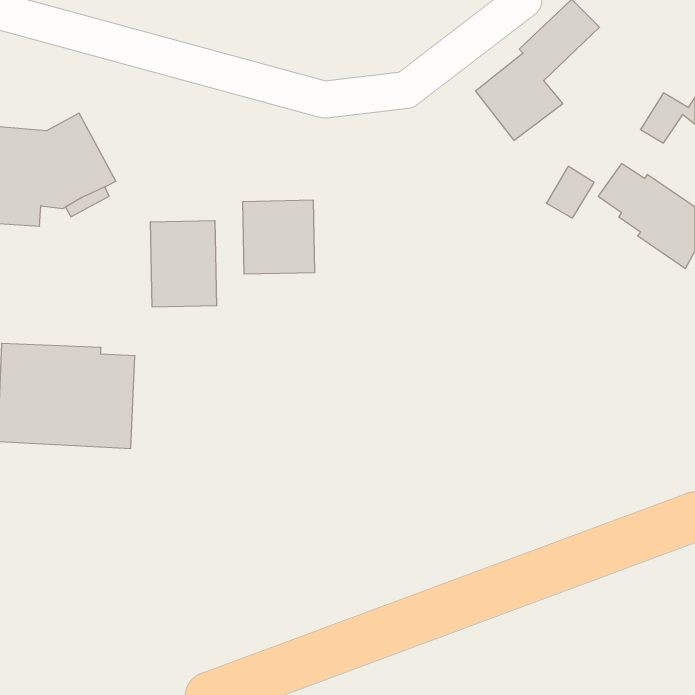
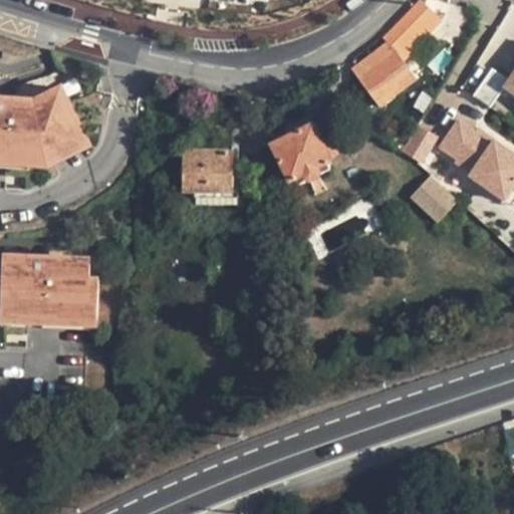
building: none -> [271,121,330,181]
building: [150,221,217,307] -> none
building: none -> [412,177,457,223]

